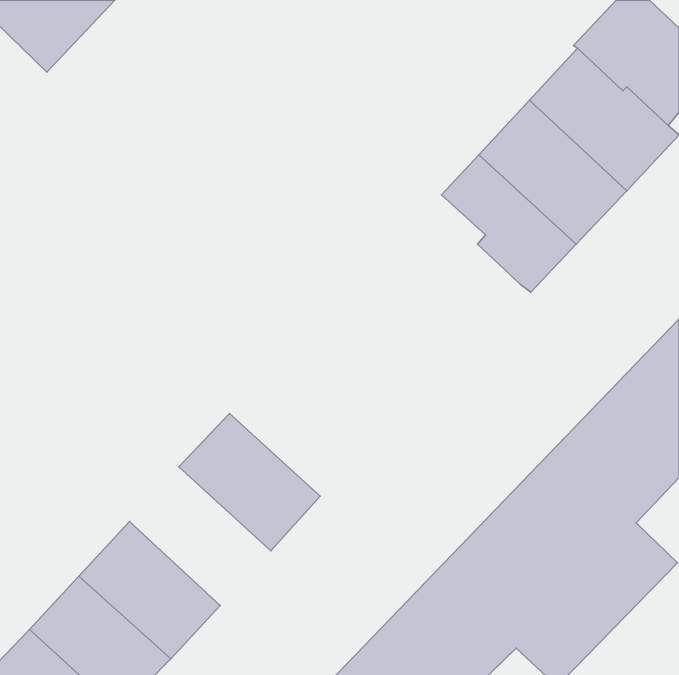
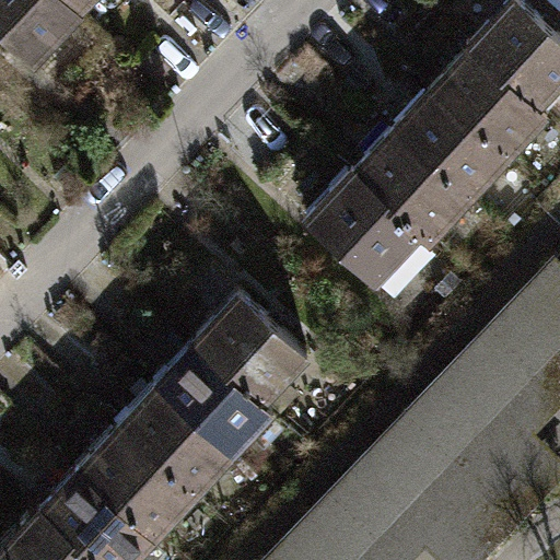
building: none -> [310,162,427,284]
building: none -> [188,300,304,412]
building: none -> [106,388,222,502]

